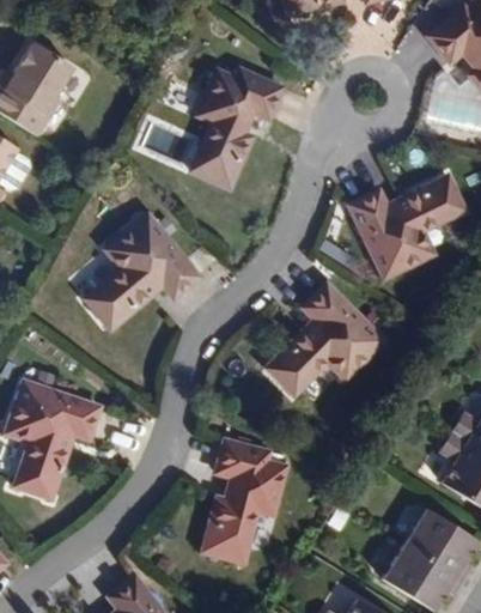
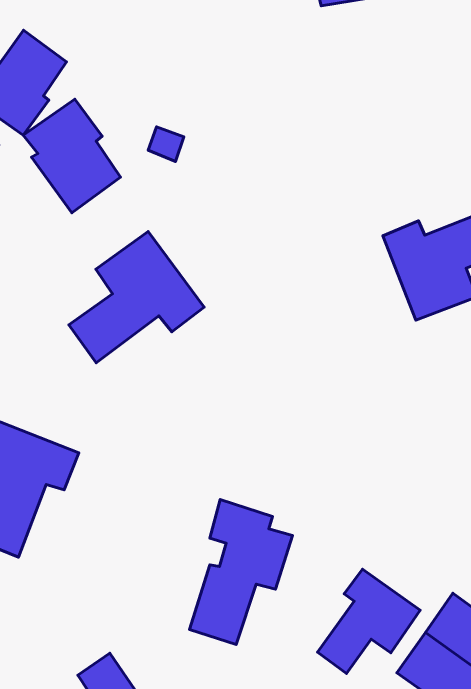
building: [189,67,281,187] -> none
building: none -> [23,99,120,213]
building: [264,283,382,394] -> none
building: none -> [317,569,420,674]

